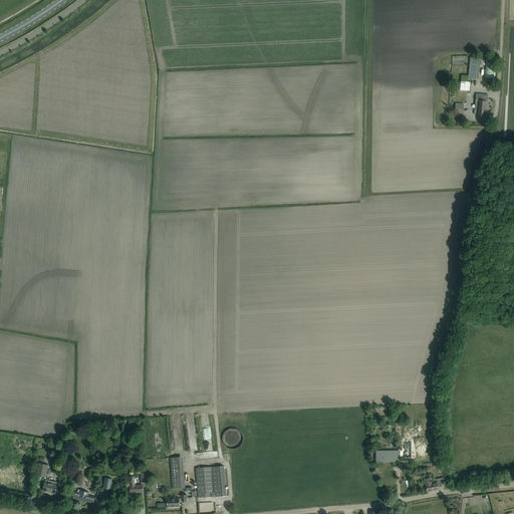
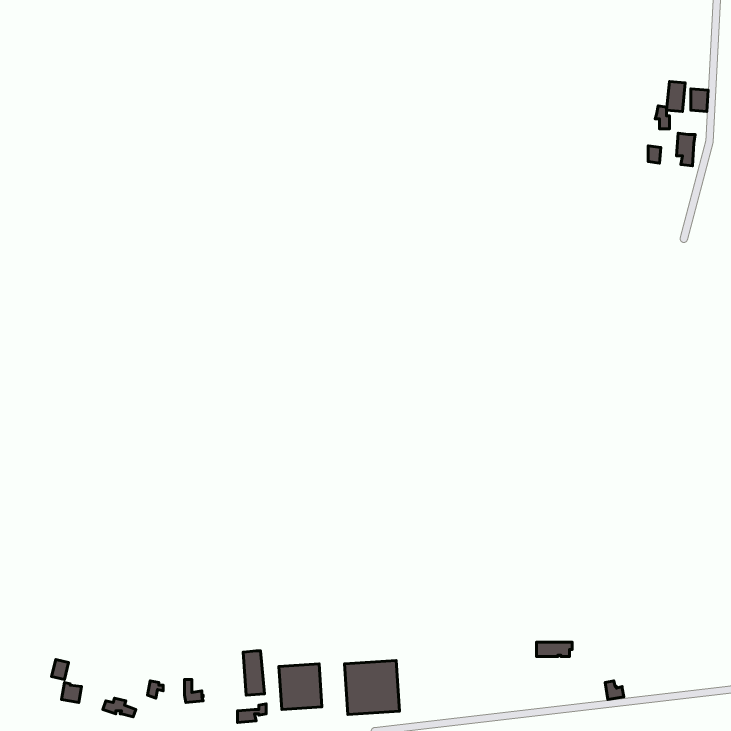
building: none -> [345,661,400,714]

